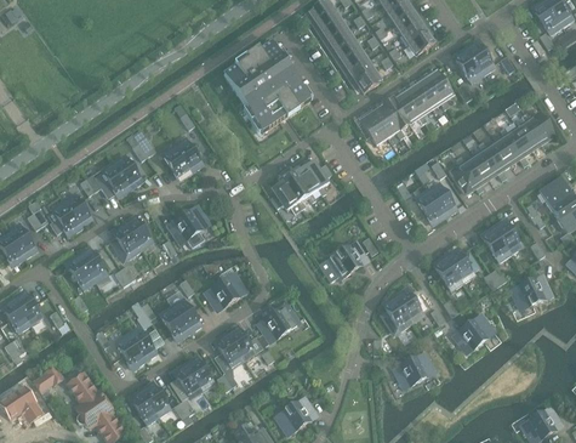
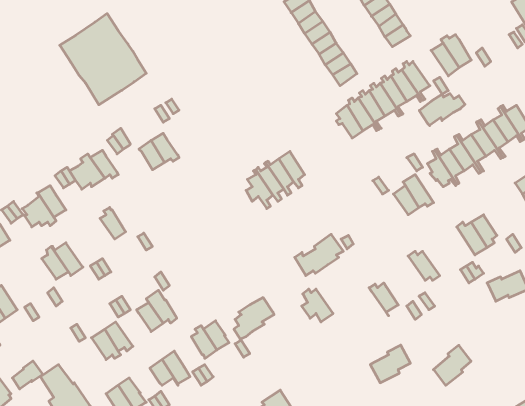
building: [223,41,309,132] -> [60,14,146,105]
building: none -> [419,94,465,126]
building: [169,204,207,246] -> none
building: [112,221,142,257] -> none
building: [446,249,478,282] -> none
building: [205,274,246,308] -> none
building: [381,297,412,330] -> [302,289,333,322]
building: [455,313,492,353] -> [433,345,471,385]

